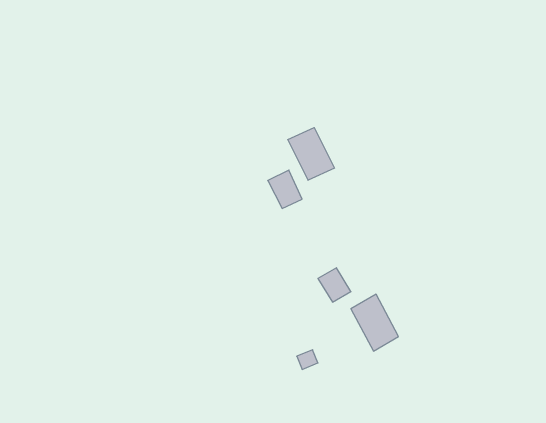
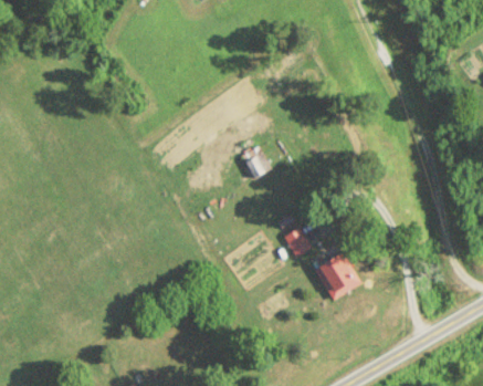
building: [288,128,334,180] -> none

